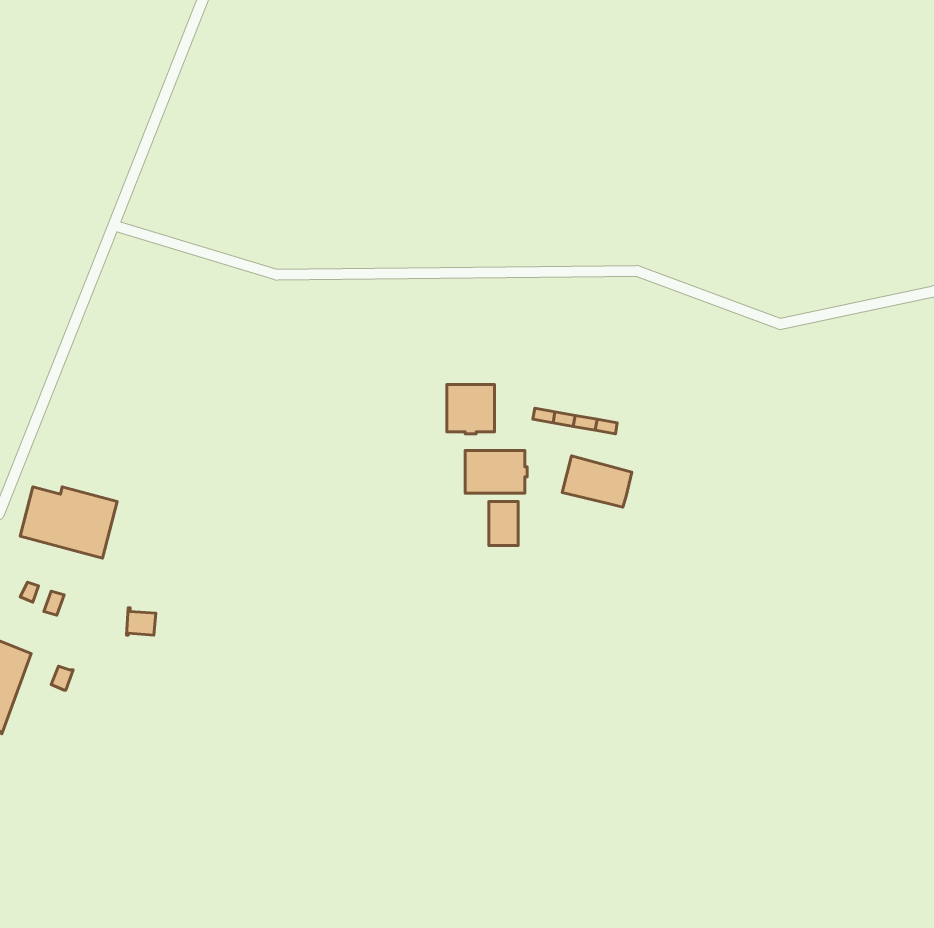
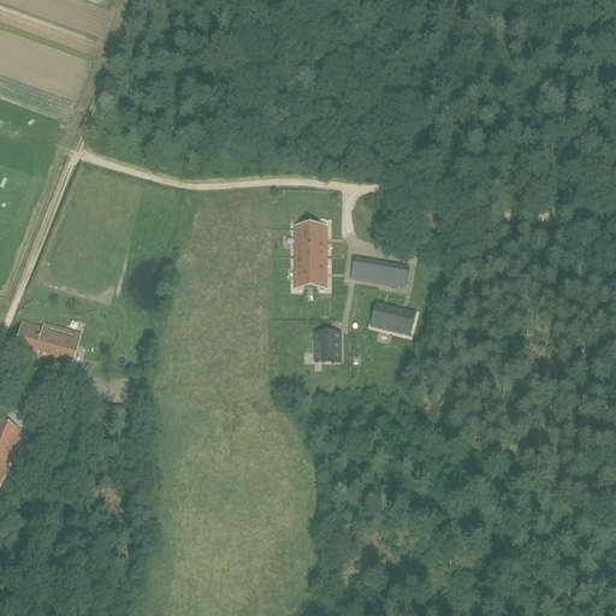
building: none -> [294,223,325,253]
building: [465,450,527,493] -> none

